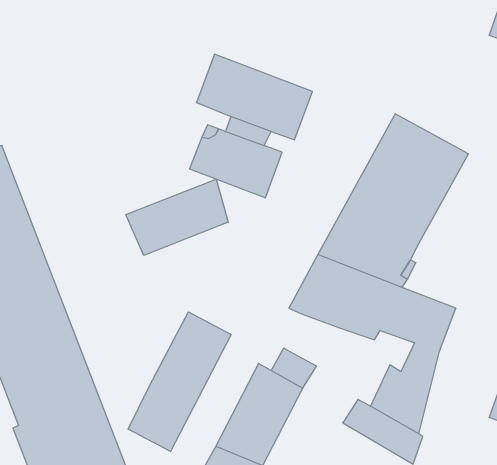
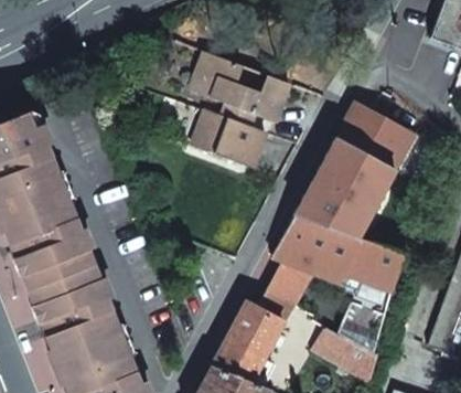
building: [126,179,228,255] -> none
building: [128,312,231,452] -> none
building: none -> [265,263,309,305]

